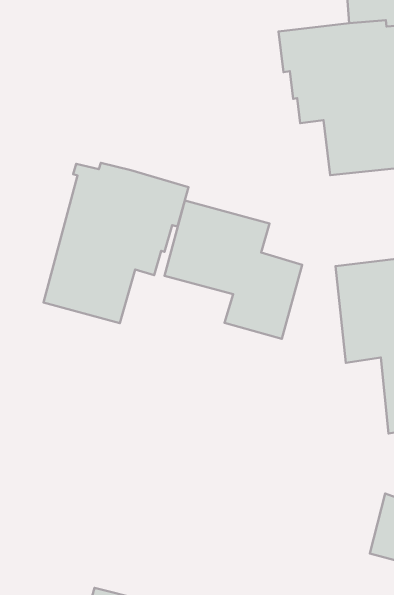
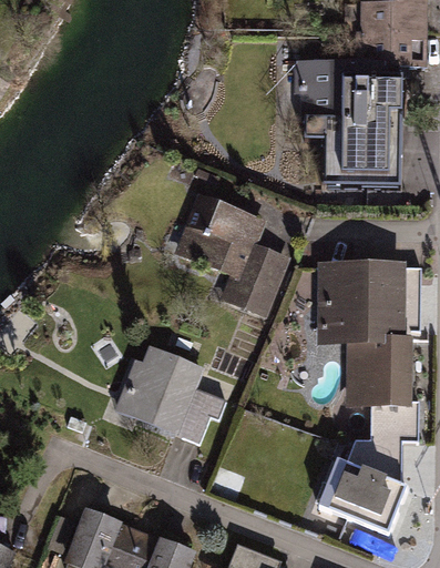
building: [44,163,189,323] -> none
building: none -> [114,344,226,445]

